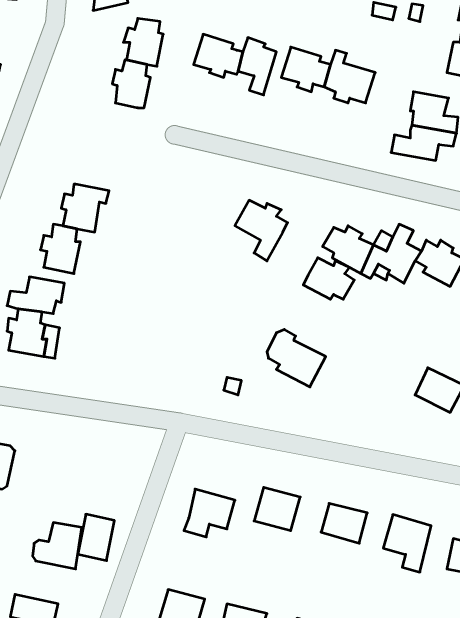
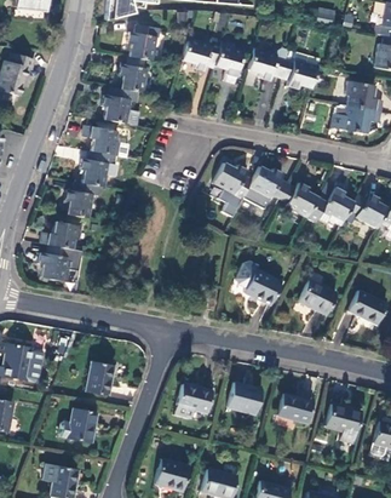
building: none -> [103,87,142,126]
building: none -> [84,125,127,158]
building: [303,258,354,299] -> [249,167,288,199]
building: none -> [299,280,338,314]
building: [78,514,114,561] -> [86,361,114,396]

